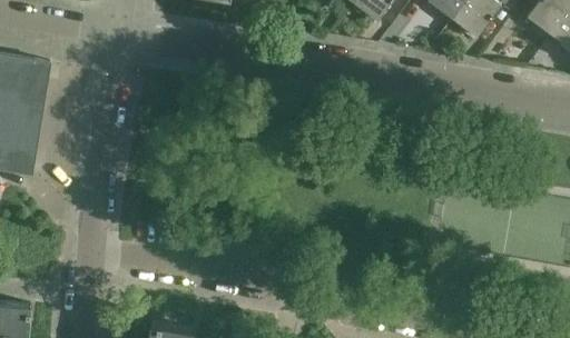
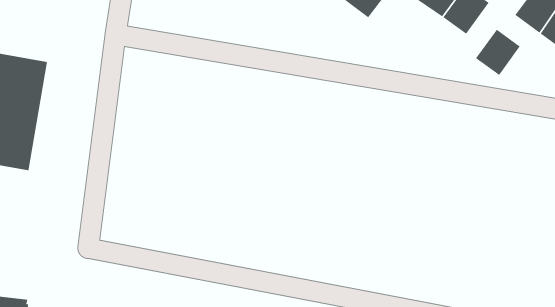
building: none -> [475,29,521,76]

